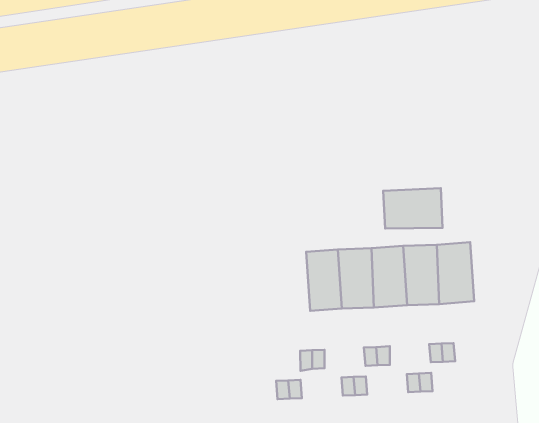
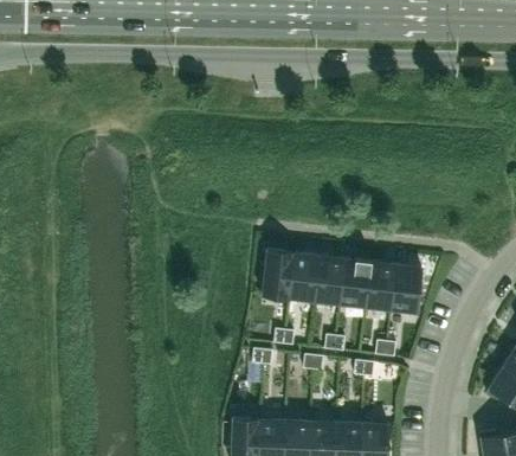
building: [383,188,443,228] -> none
building: none -> [262,249,294,298]

